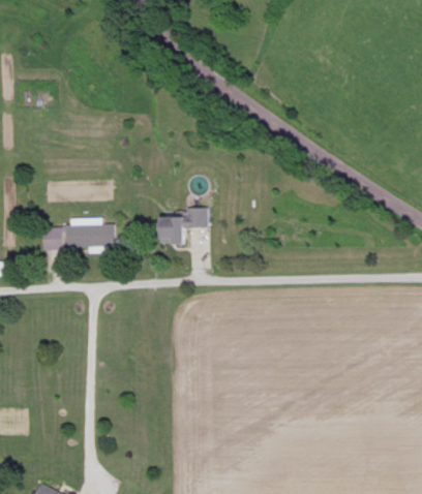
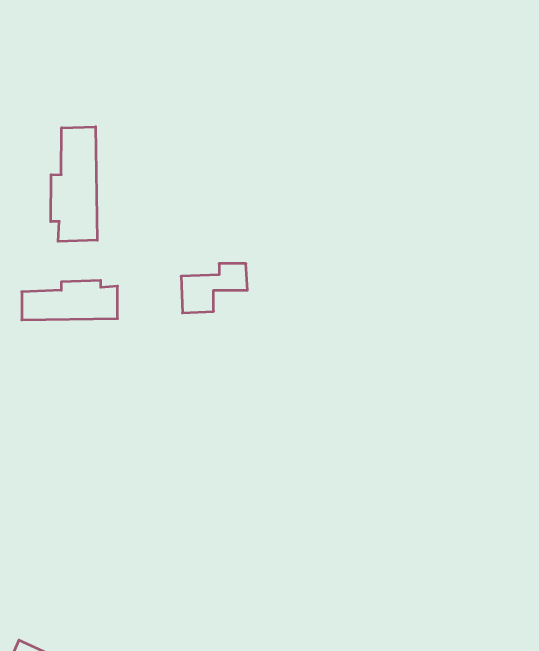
building: none -> [51,127,97,241]

